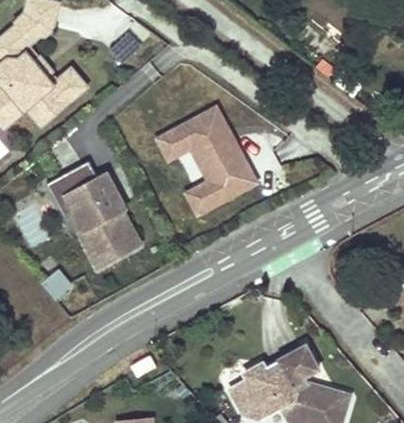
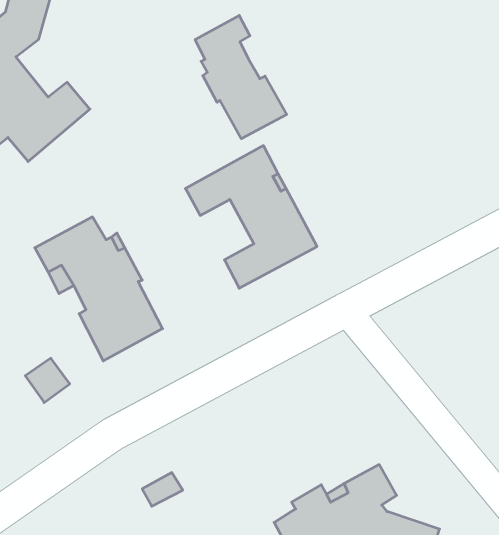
building: none -> [195,15,287,139]

